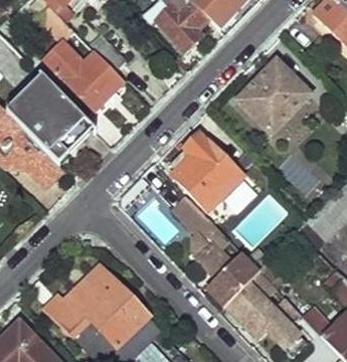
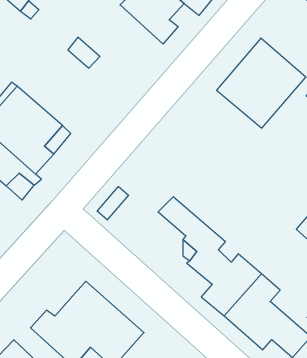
building: [44,42,125,113] -> none
building: [170,135,256,214] -> none

